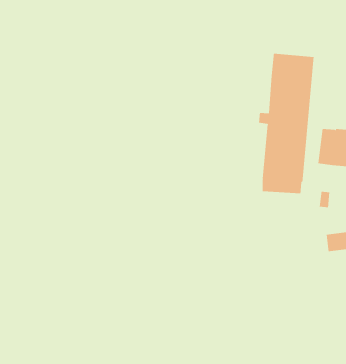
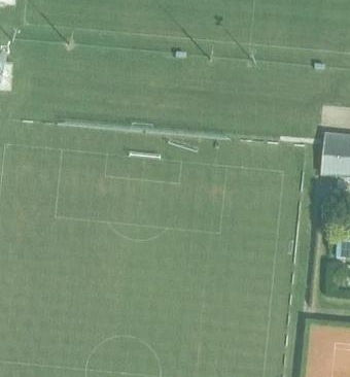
building: [258,53,314,194] -> none

